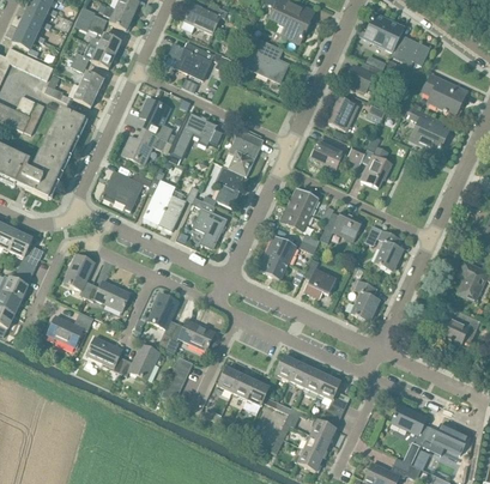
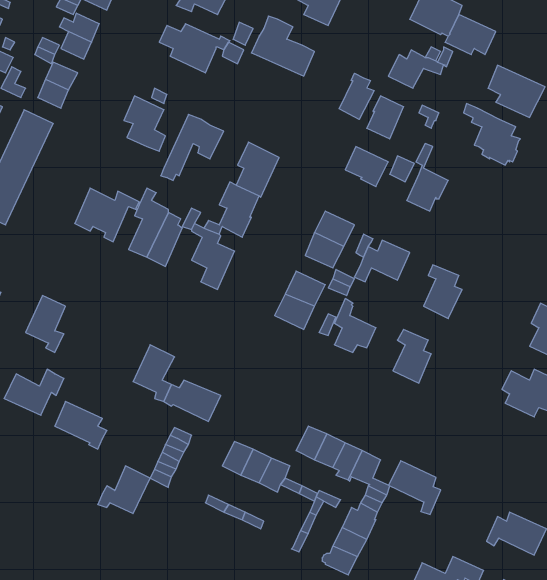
building: none -> [339,73,374,119]
building: [122,129,168,164] -> none
building: [86,279,131,311] -> none
building: [120,343,161,380] -> [98,466,150,514]
building: [391,403,431,444] -> [389,461,441,514]

